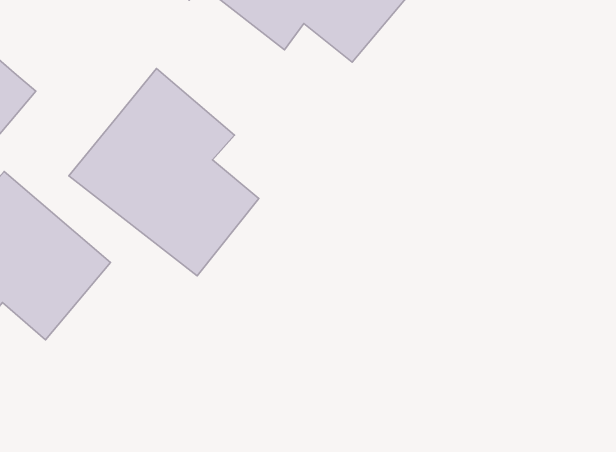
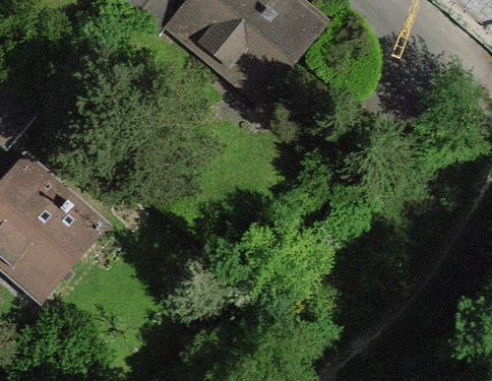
building: [69,69,259,276] -> none

